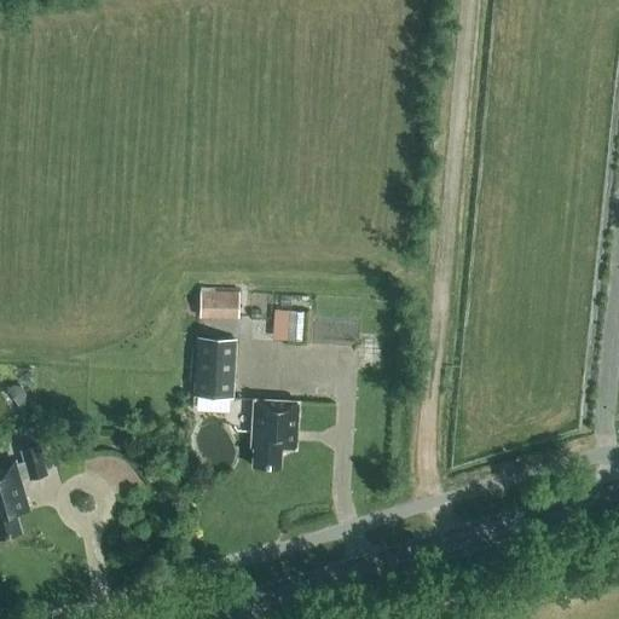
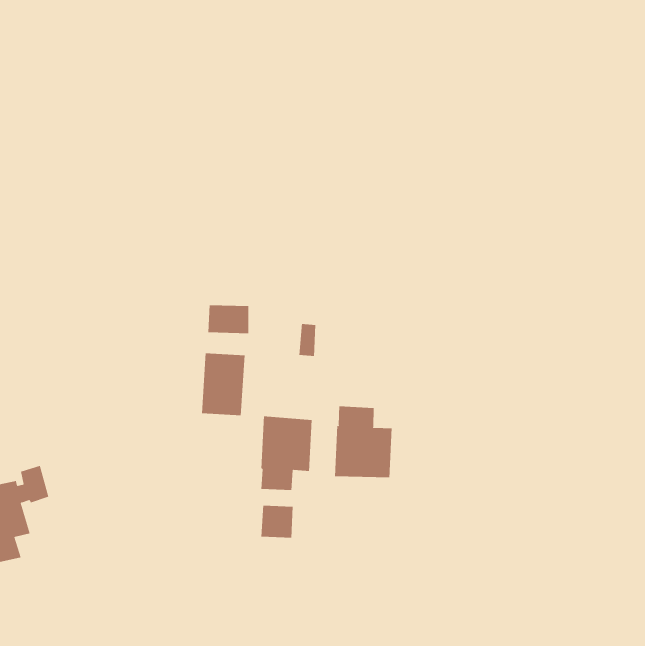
building: none -> [334,406,392,478]
building: none -> [261,505,293,539]

